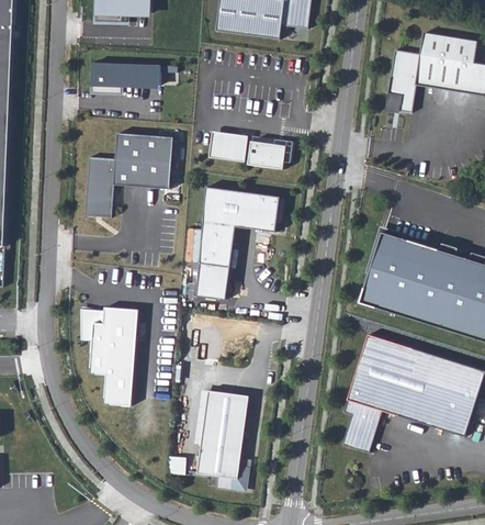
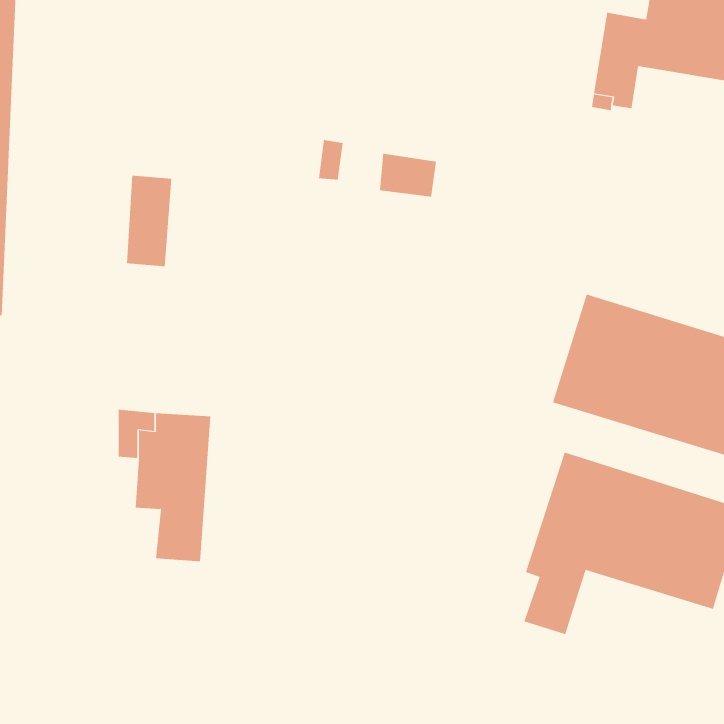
building: [89,63,158,96] -> none
building: [113,131,170,187] -> none
building: [222,134,247,161] -> none
building: [200,187,285,301] -> none
building: [196,390,249,491] -> none

